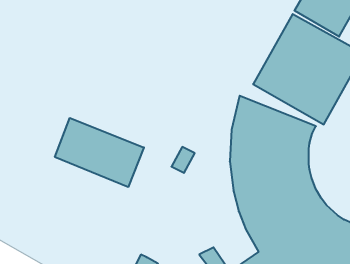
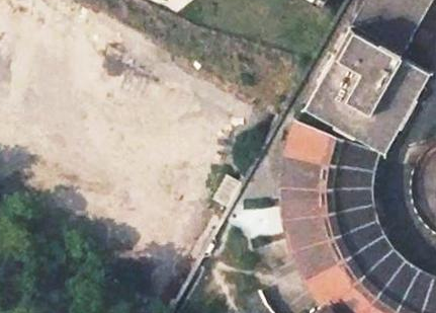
building: [55,118,144,187] -> none

